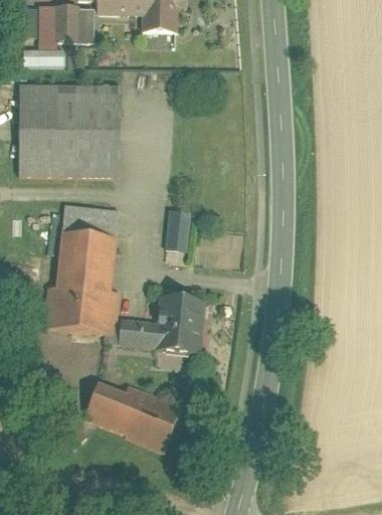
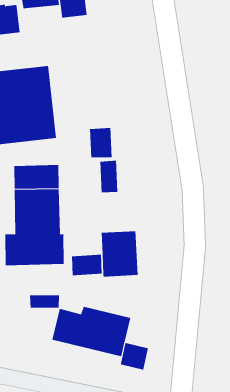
building: none -> [89,127,112,158]
building: none -> [29,295,59,309]
building: none -> [120,342,148,370]

